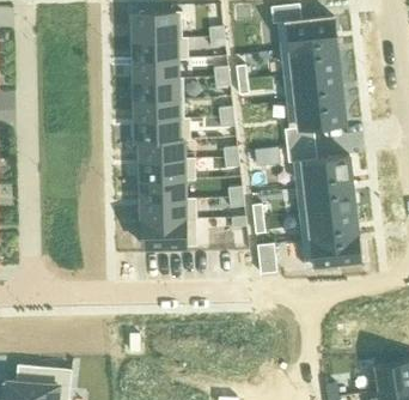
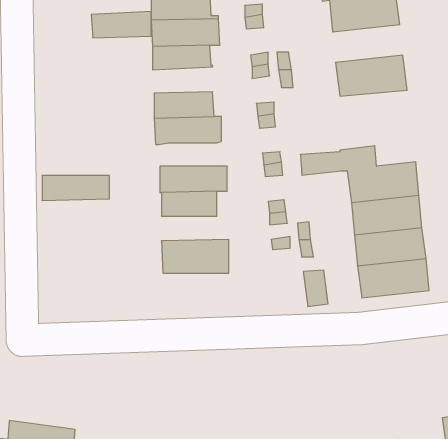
building: [281,42,338,73] -> none
building: [134,77,183,98] -> [91,11,151,38]
building: [286,96,344,145] -> none
building: [139,139,187,158] -> none
building: [141,199,196,219] -> [42,176,109,200]

